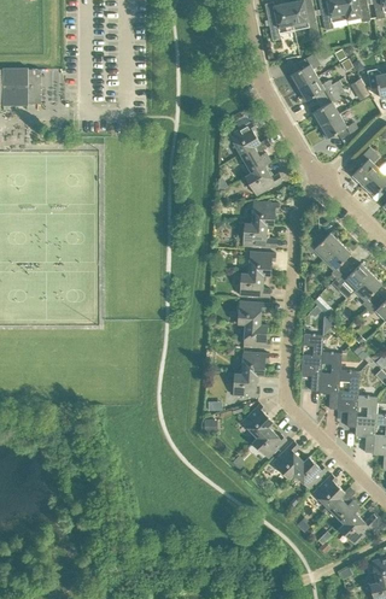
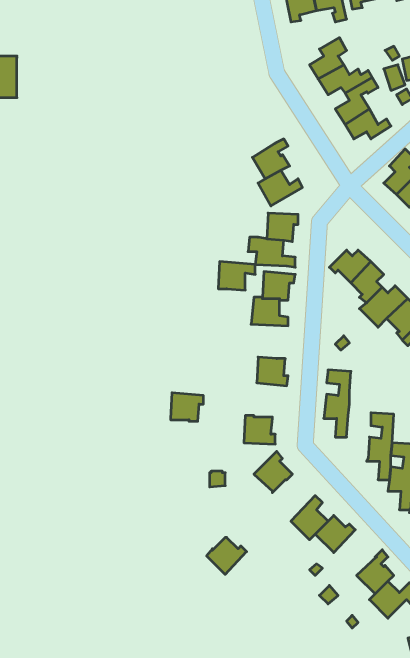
building: [228,122,258,154] -> none
building: [236,300,268,324] -> [218,262,255,290]
building: [240,351,268,375] -> [171,393,203,421]
building: [318,352,340,409] -> none
building: [251,427,285,458] -> [207,537,247,574]
building: [311,474,344,507] -> none

